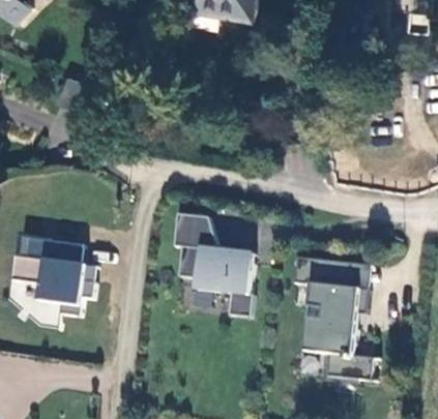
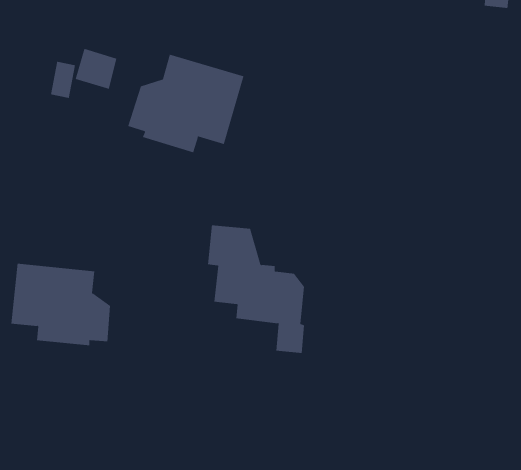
building: none -> [128,54,244,153]
building: [295,255,371,378] -> none

